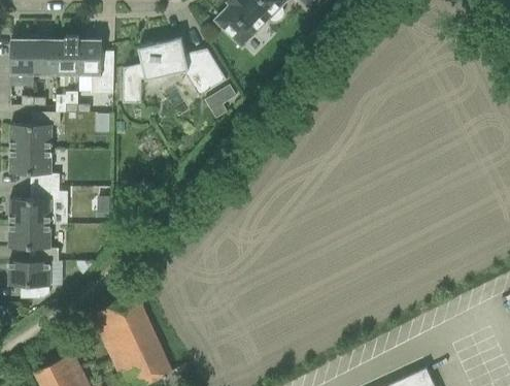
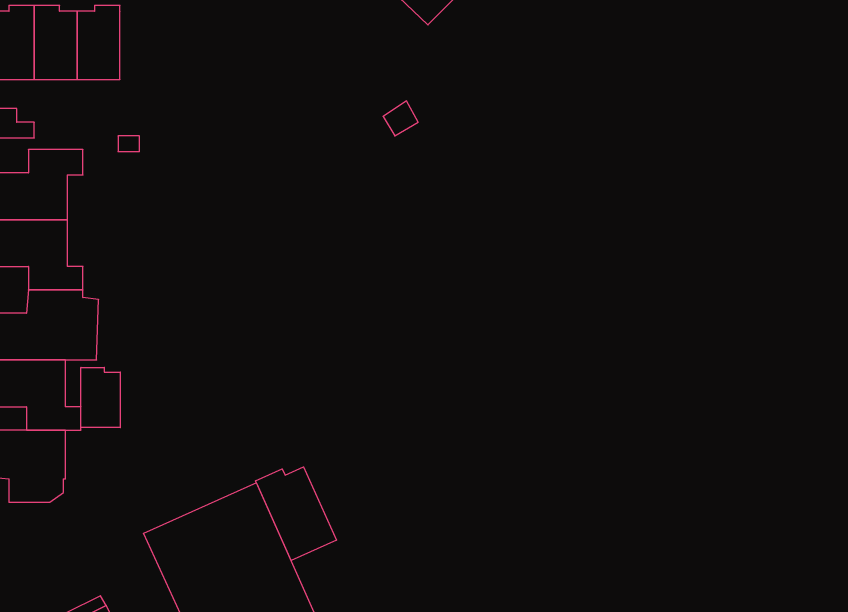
building: [78,38,113,94] -> none
building: [122,38,226,103] -> none
building: none -> [81,367,120,428]
building: none -> [256,467,336,560]

